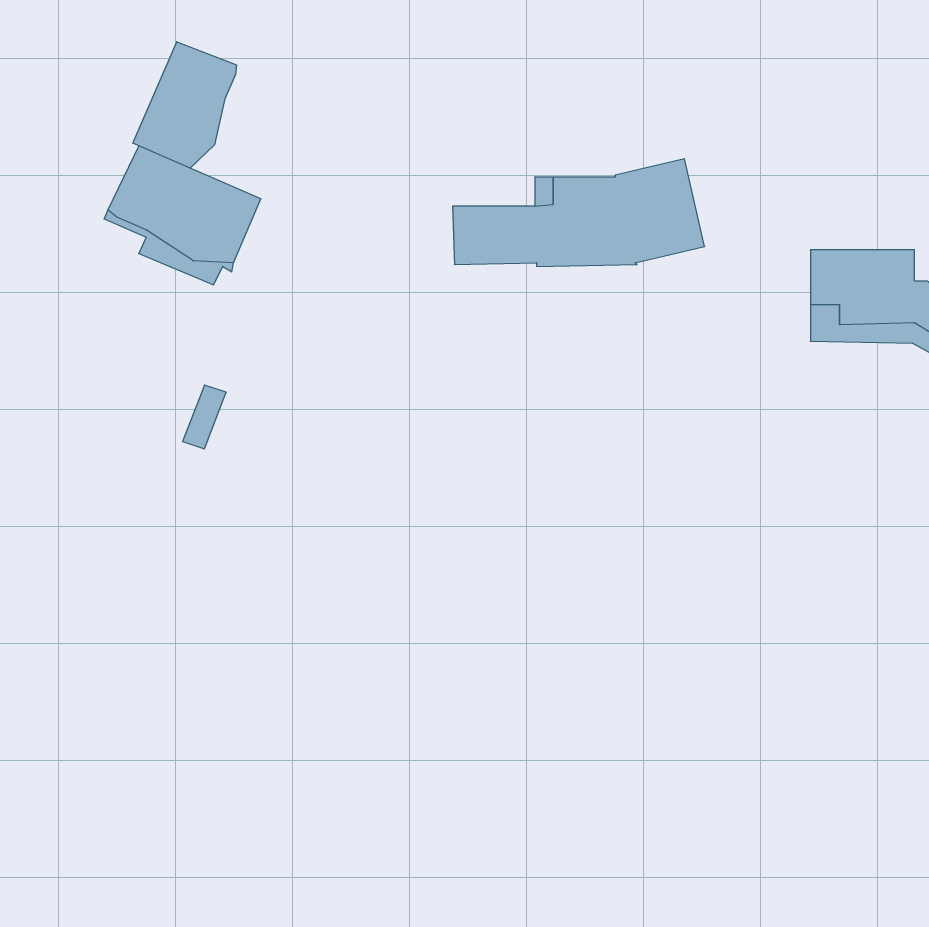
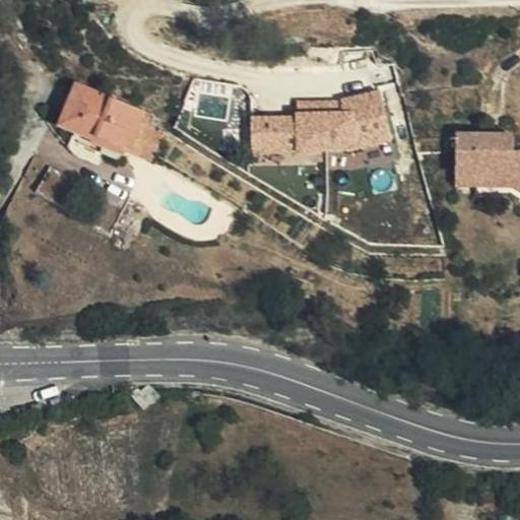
building: [133,42,237,168] -> none

